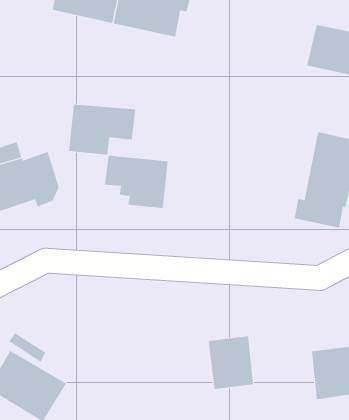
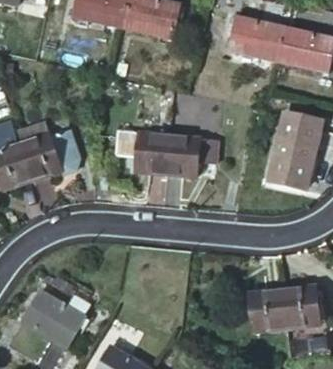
building: none -> [227,14,286,59]
building: [68,104,136,155] -> [163,136,218,177]
building: [208,336,254,389] -> [249,289,286,332]

